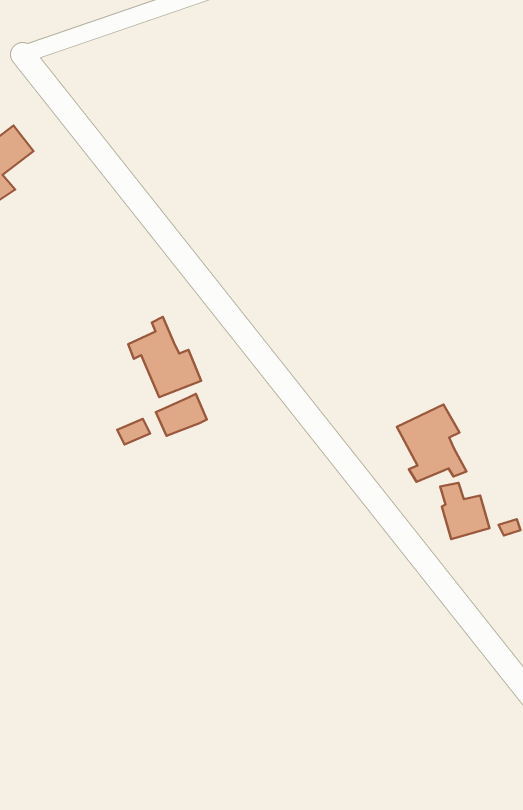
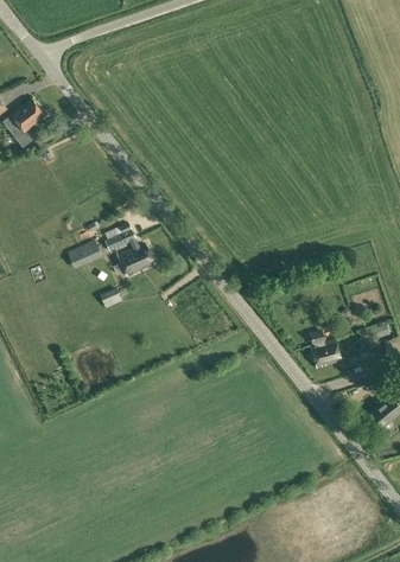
building: [156,394,207,436] -> [68,241,101,268]
building: [397,405,467,482] -> none

